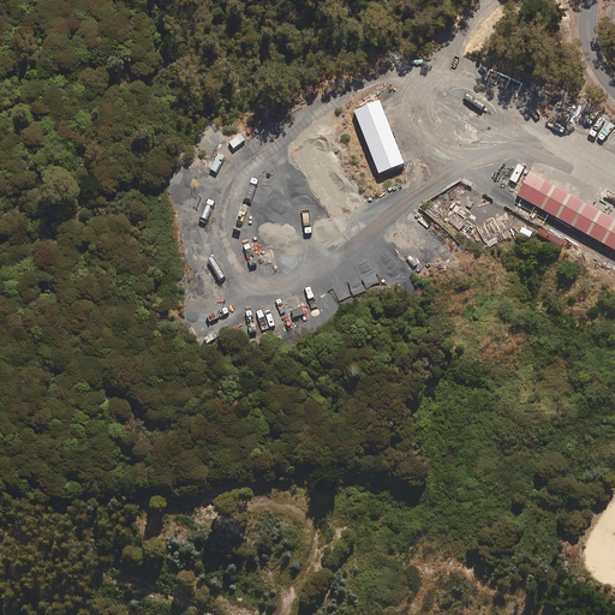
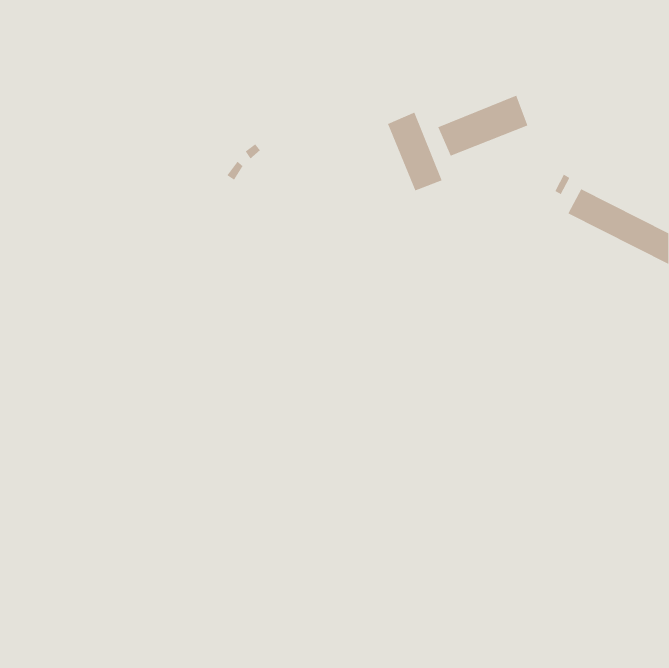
building: none -> [438,95,528,157]

